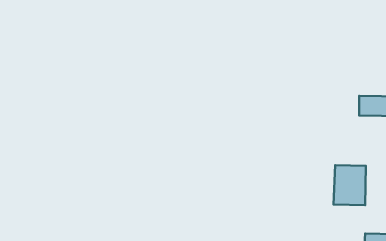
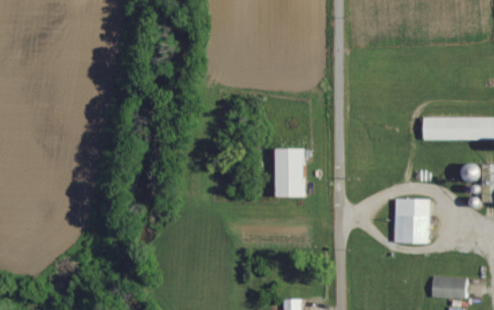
building: none -> [276,147,305,196]

